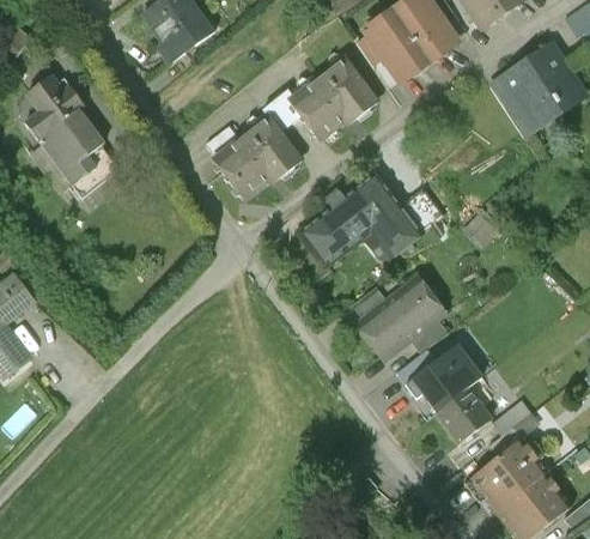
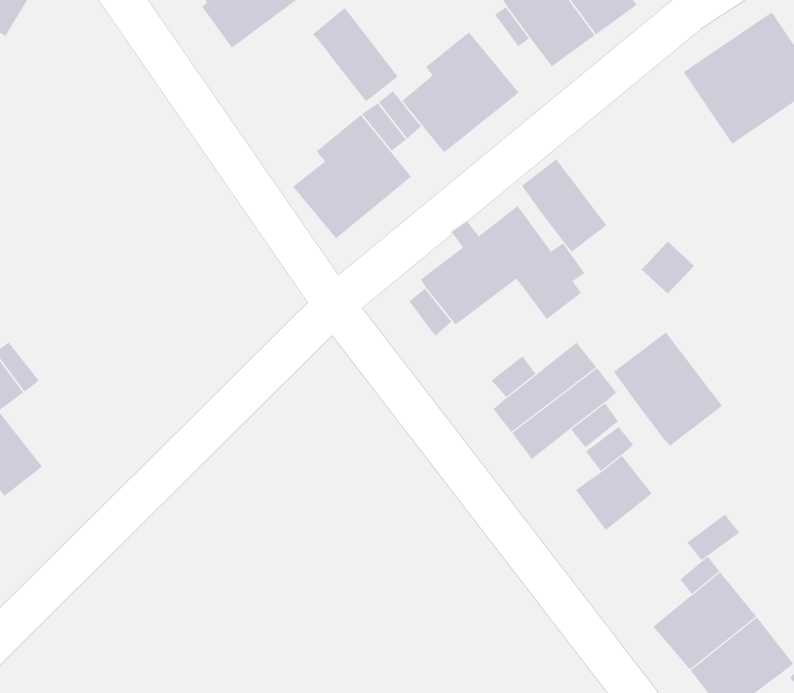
building: none -> [312,7,398,102]
building: [24,77,104,187] -> none
building: none -> [521,159,607,252]
building: none -> [613,331,723,447]
building: [436,383,492,440] -> none

